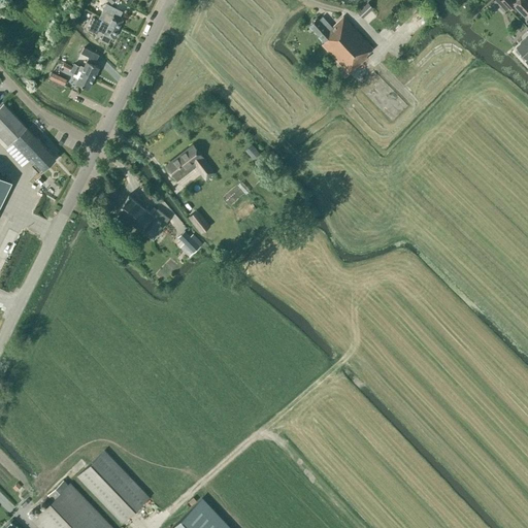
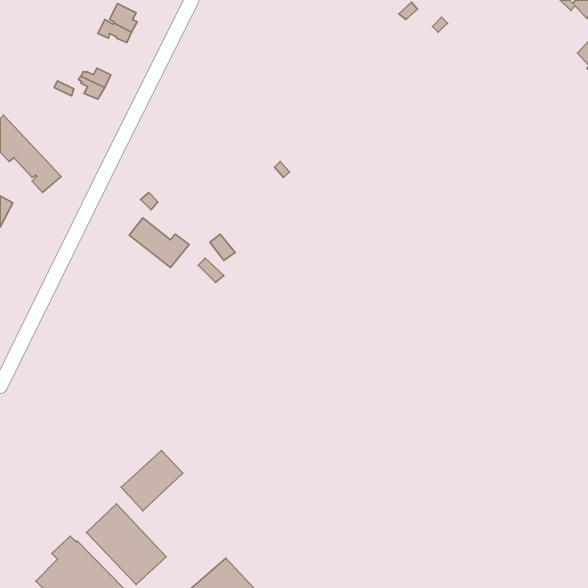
building: [309,18,374,75] -> none
building: [167,145,216,180] -> none
building: none -> [121,450,183,511]

